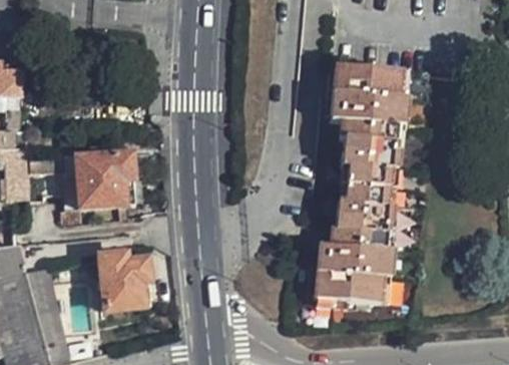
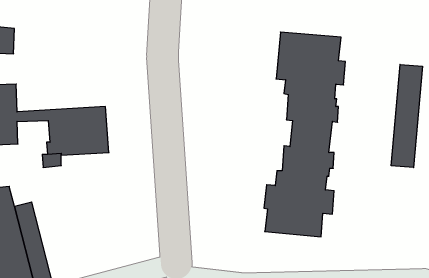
building: none -> [391,64,422,168]
building: [100,256,149,311] -> none

